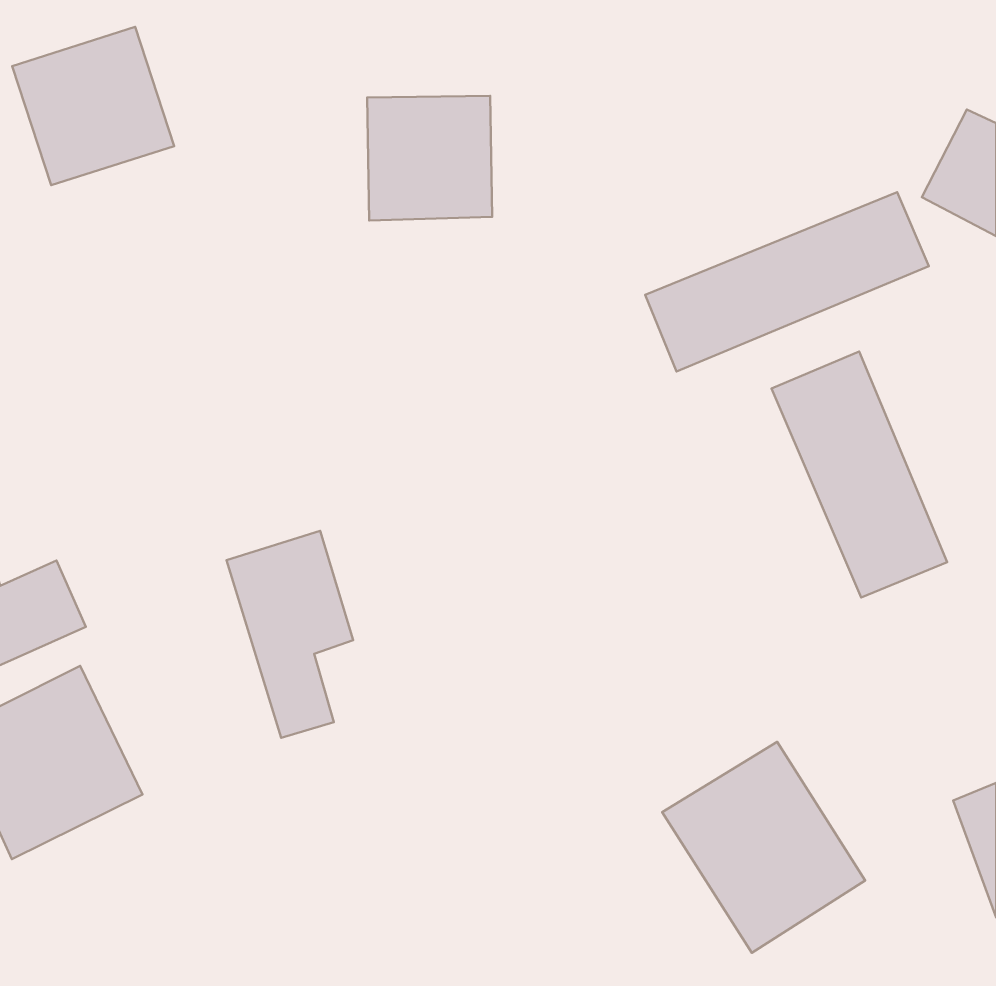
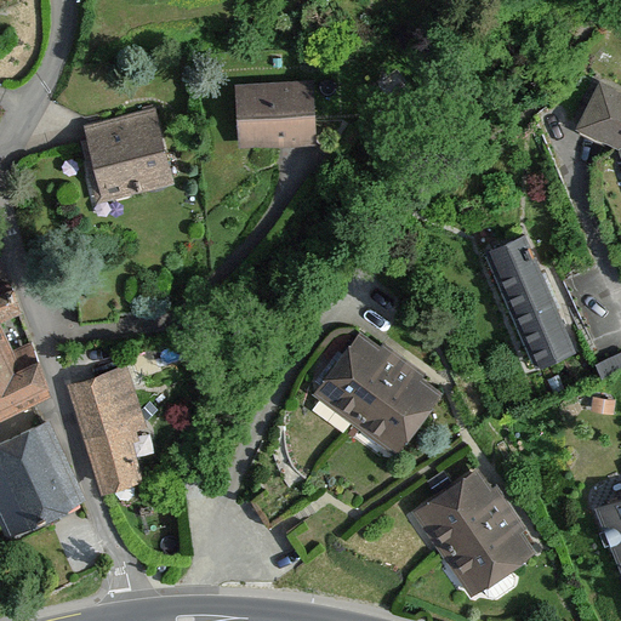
building: [12,27,174,185] -> [75,107,176,205]
building: [645,192,929,371] -> none
building: none -> [312,332,440,455]
building: [226,531,353,738] -> [70,365,149,494]

